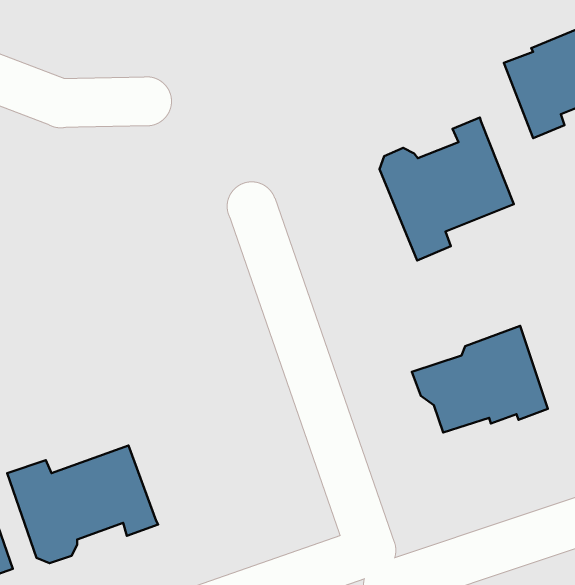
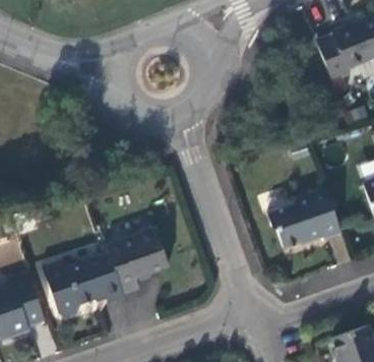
building: [379,117,514,261] -> none
building: none -> [107,229,168,293]

